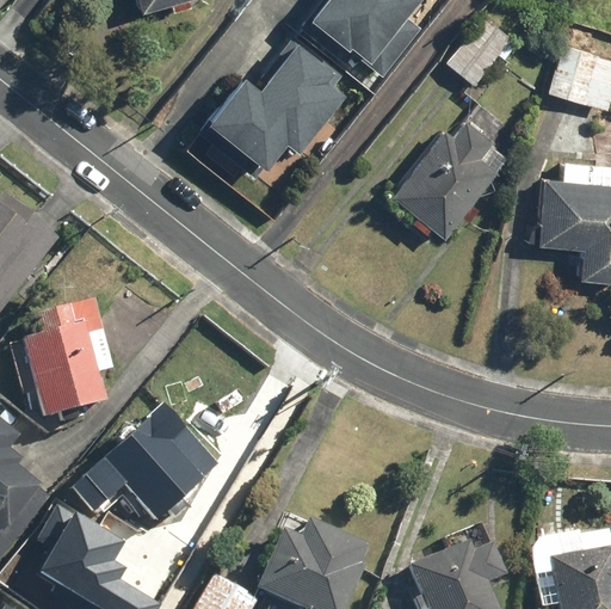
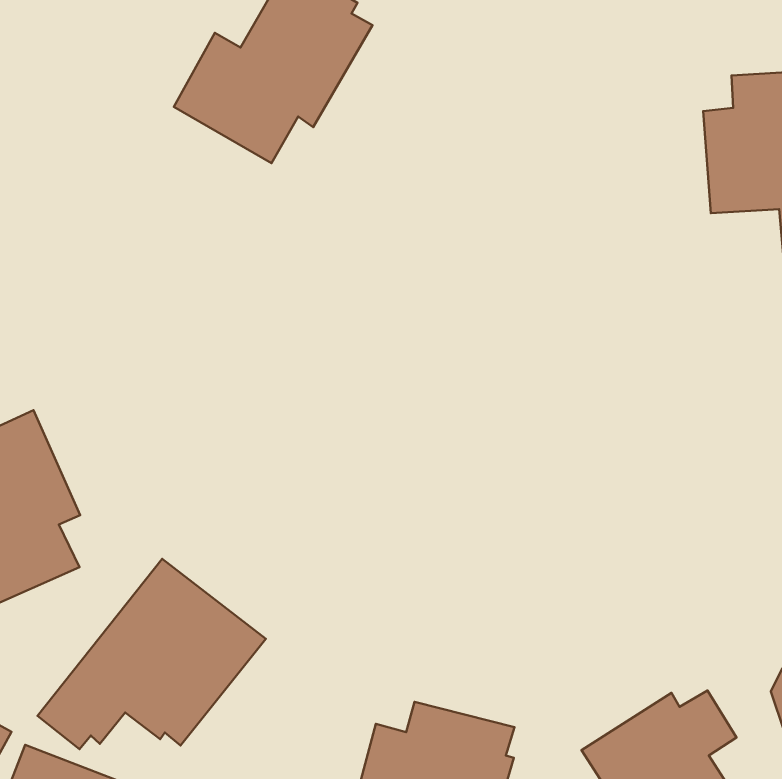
building: [396,119,502,238] -> none

